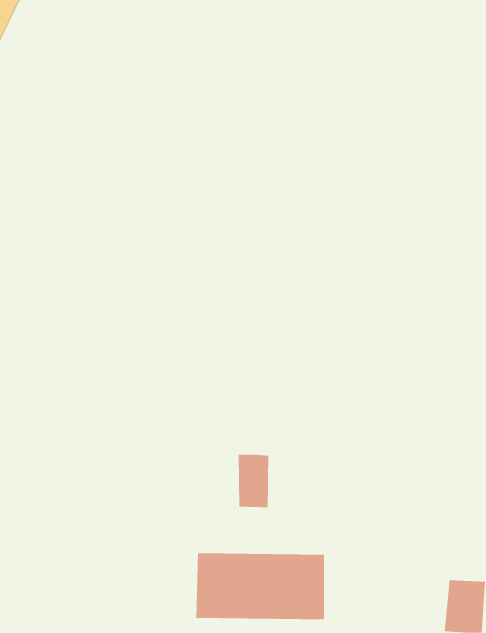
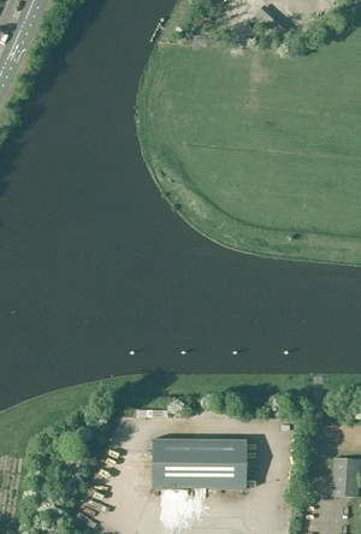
building: [238,454,269,508] -> none

